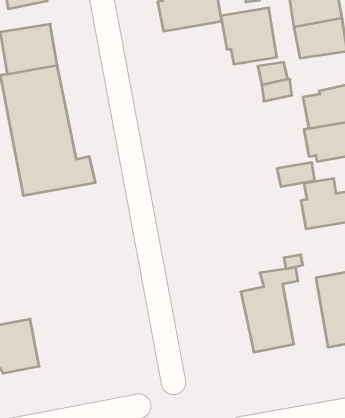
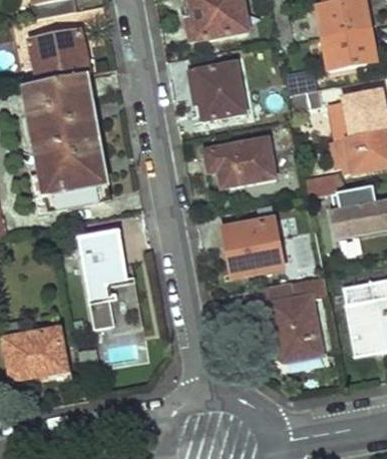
building: [221,8,277,64] -> [188,63,245,119]
building: none -> [204,138,274,182]
building: none -> [224,218,284,277]
building: none -> [78,231,128,330]

